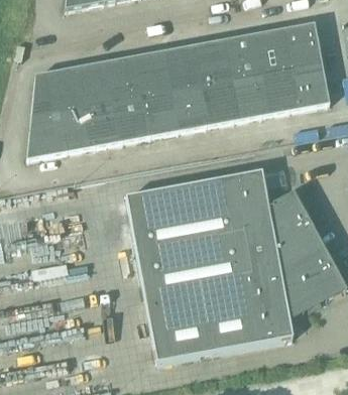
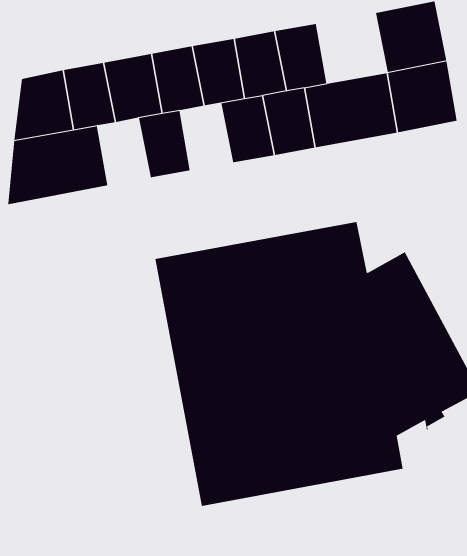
building: [235,29,282,77] -> none
building: [143,90,179,135] -> none
building: [88,100,123,145] -> none

